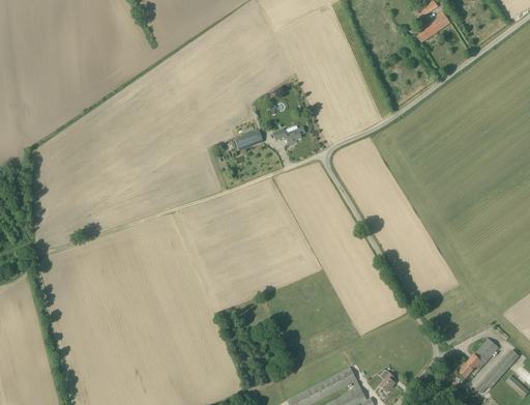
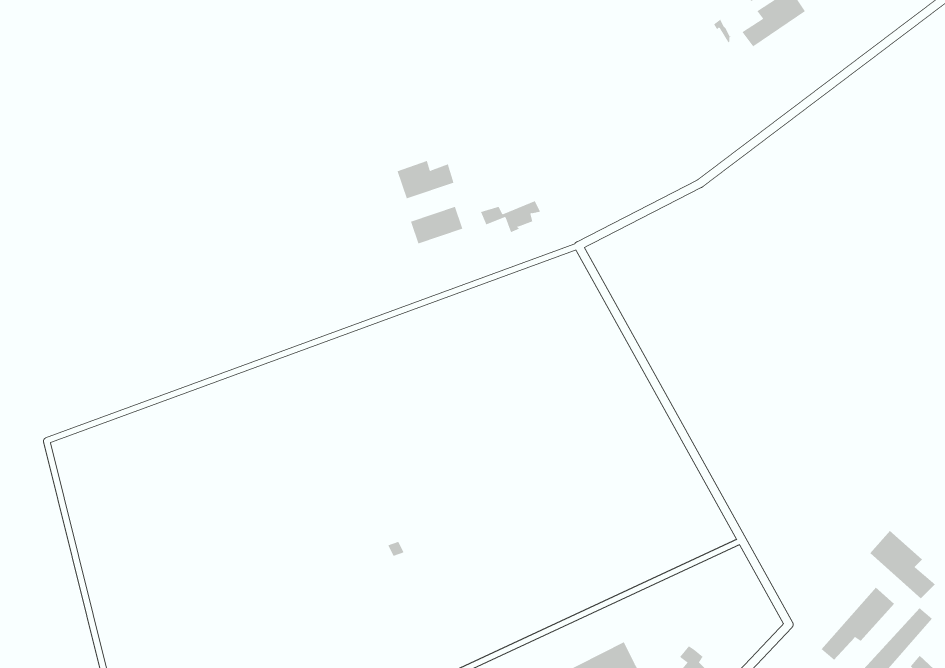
building: none -> [397,160,454,199]
building: none -> [870,530,936,599]

